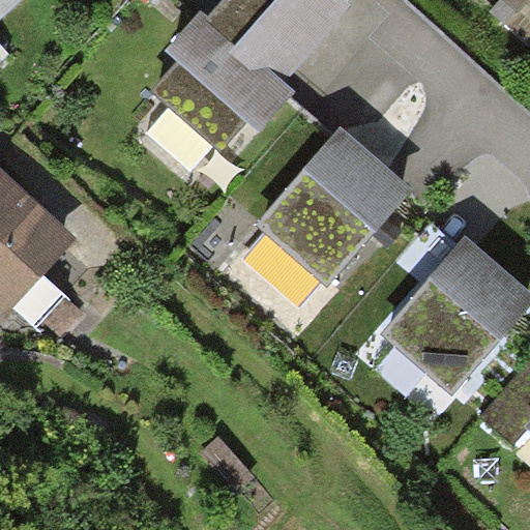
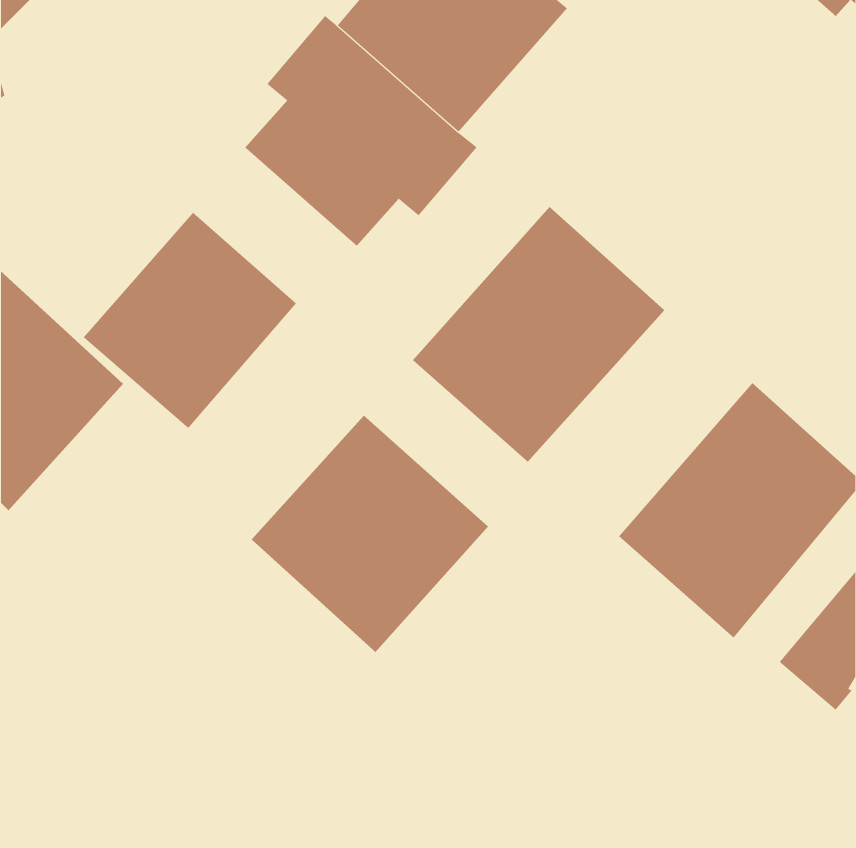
building: none -> [83,212,297,429]
building: none -> [251,415,489,653]

